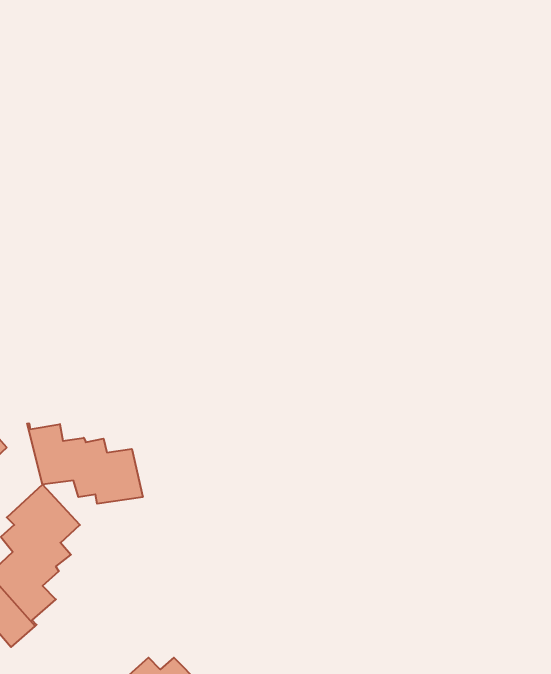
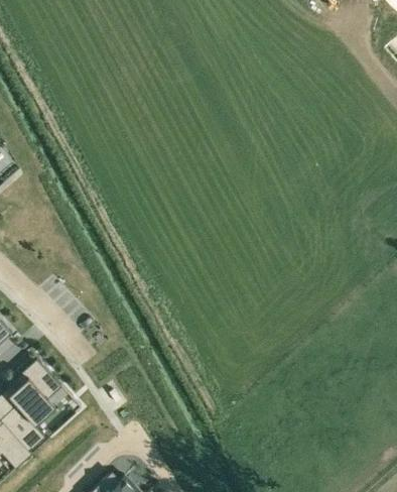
building: [27,423,143,504] -> none

